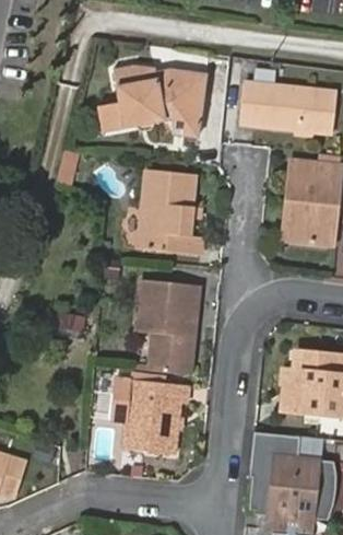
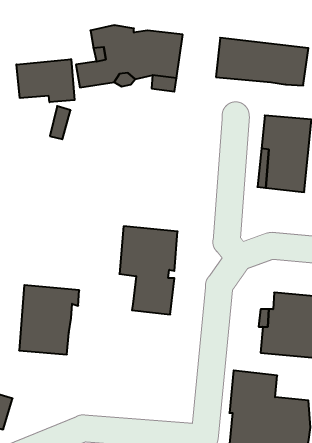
building: none -> [16,59,75,102]
building: [137,167,200,251] -> none
building: [126,375,189,449] -> [19,285,79,354]

